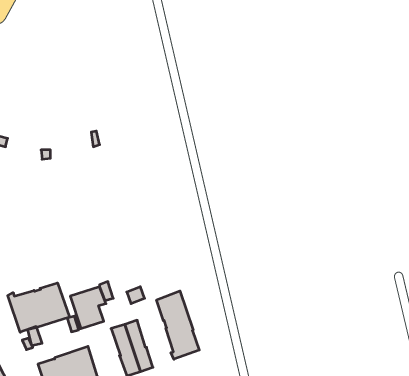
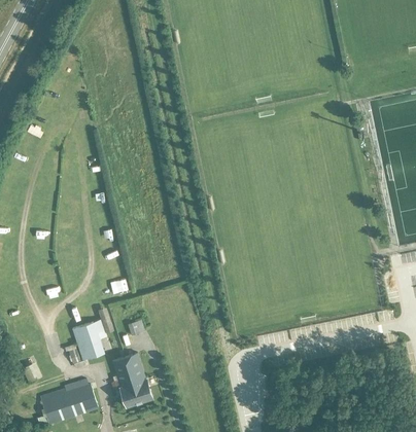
building: [8,283,69,332] -> none
building: [157,291,199,359] -> none

